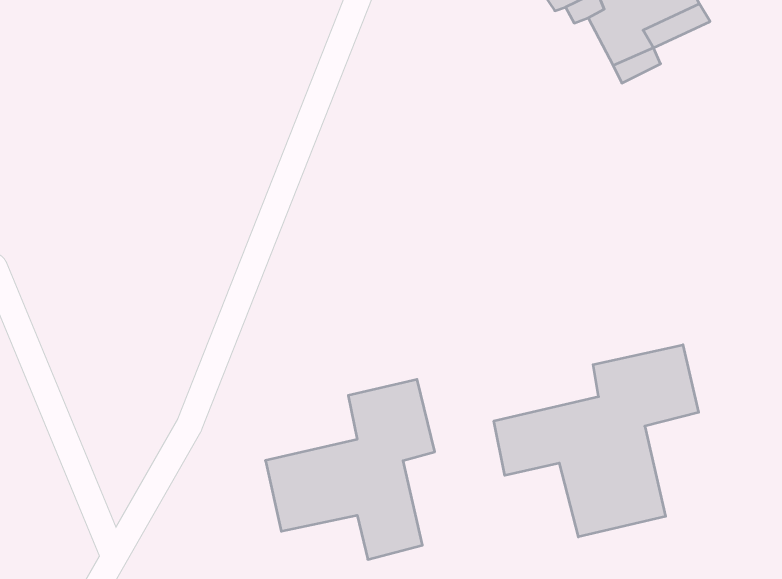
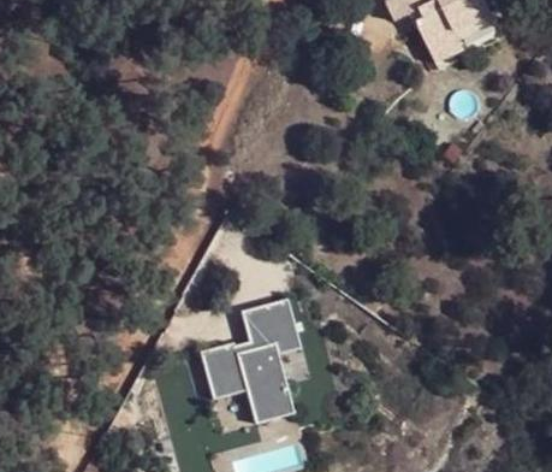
building: [494,345,699,537] -> none

